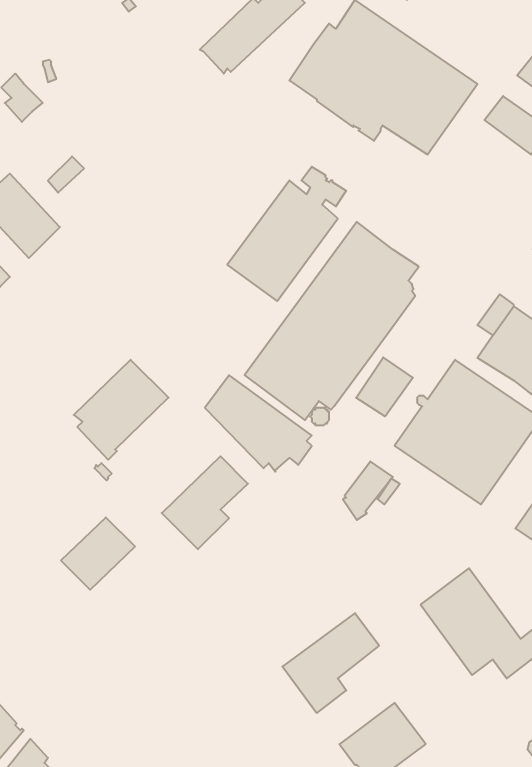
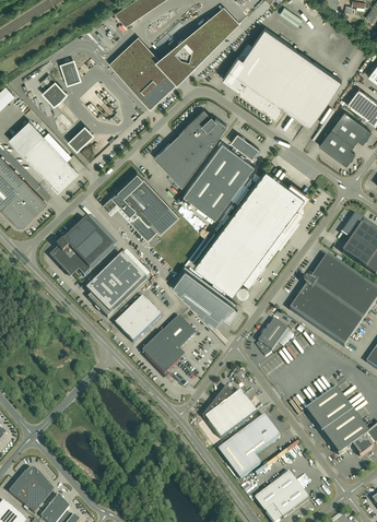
building: none -> [110,40,173,104]
building: none -> [154,108,227,186]
building: none -> [319,109,372,164]
building: none -> [102,170,179,239]
building: none -> [50,218,114,276]
building: [356,357,413,416] -> none
building: [61,517,135,590] -> [115,296,162,342]
building: none -> [202,385,257,439]

